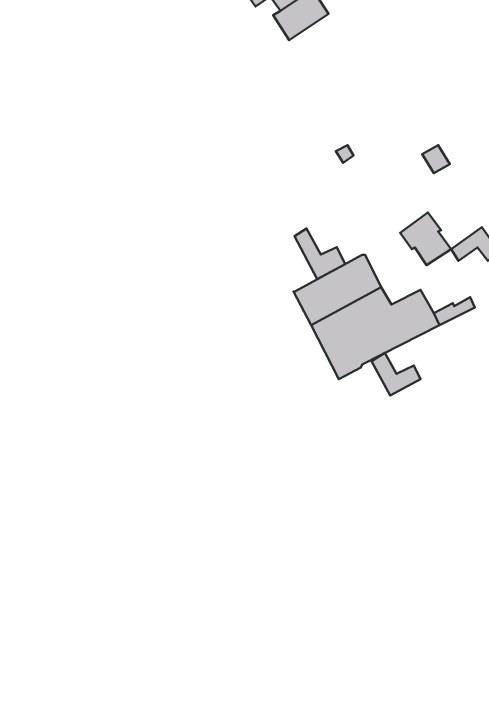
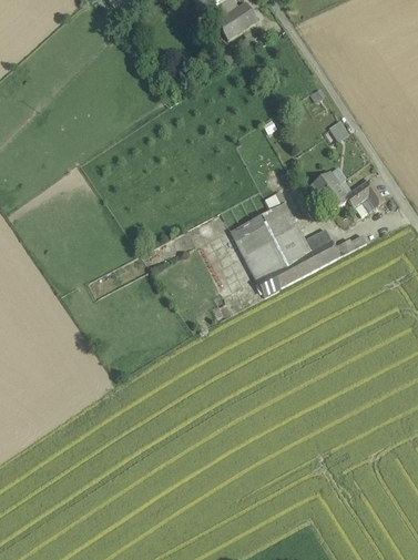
building: [294,228,345,279] -> none
building: [371,353,421,396] -> none

